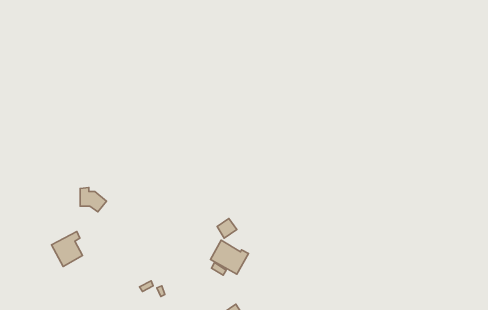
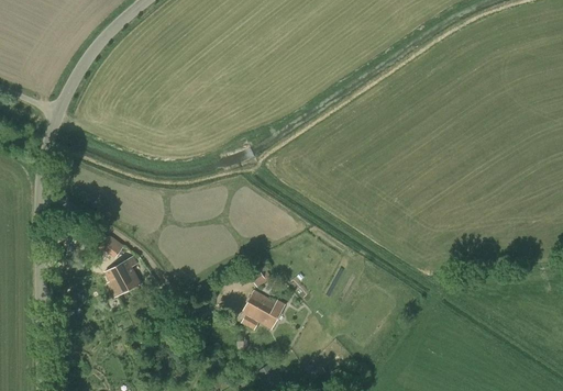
building: [51,231,83,266] -> [104,256,140,295]

